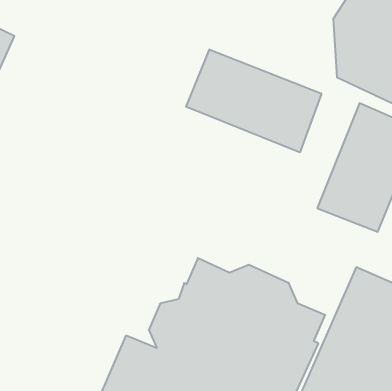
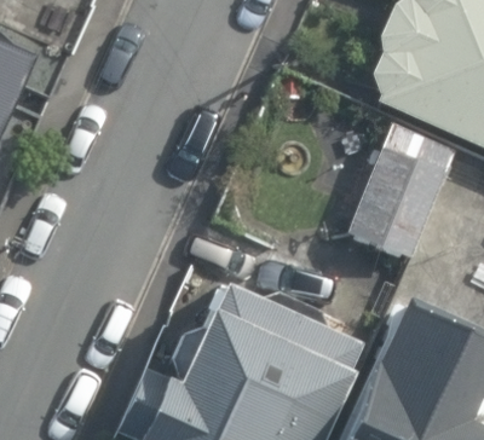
building: [186,49,321,152] -> none

